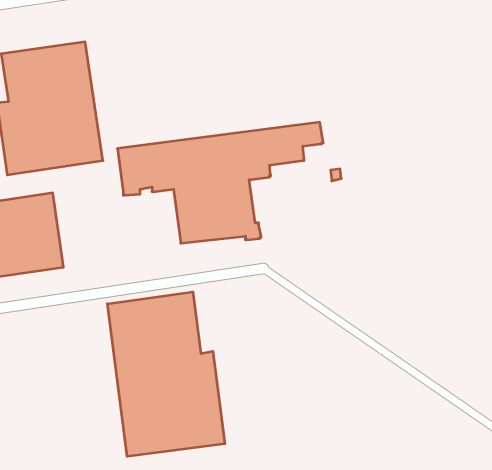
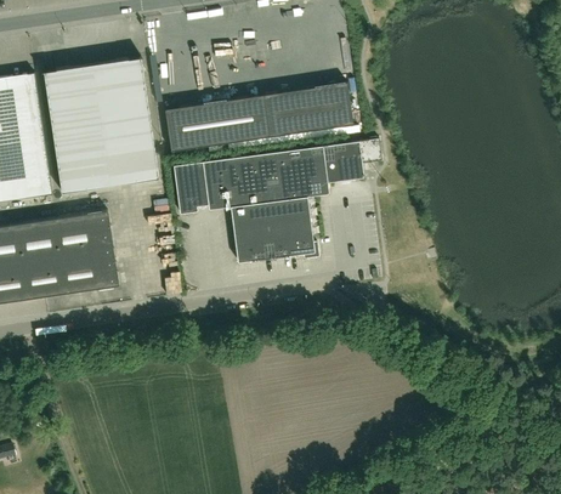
building: none -> [165,81,353,151]
building: [107,292,225,456] -> none

